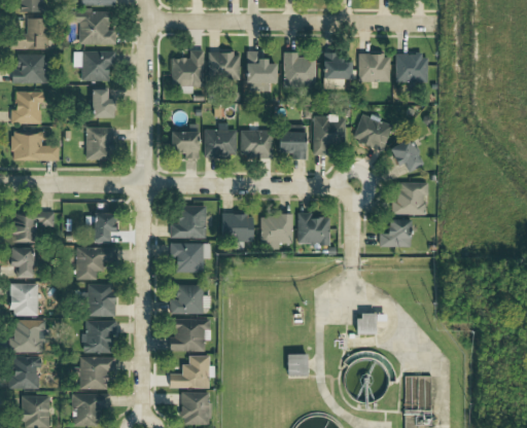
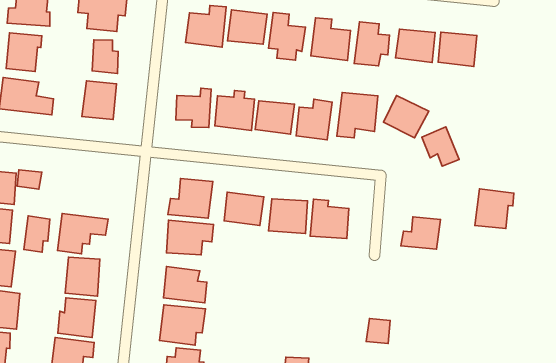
building: [397,182,429,215] -> [475,189,514,229]
building: [93,213,113,244] -> [24,216,50,252]

